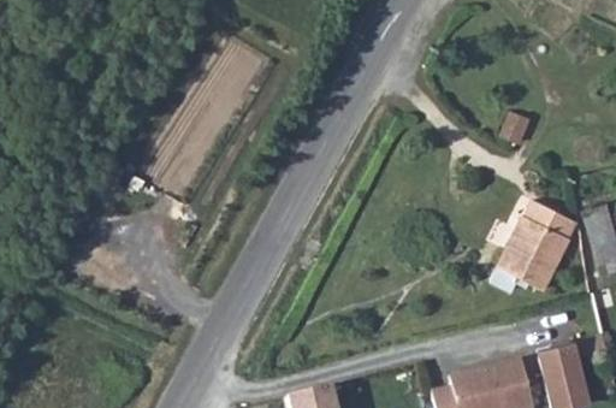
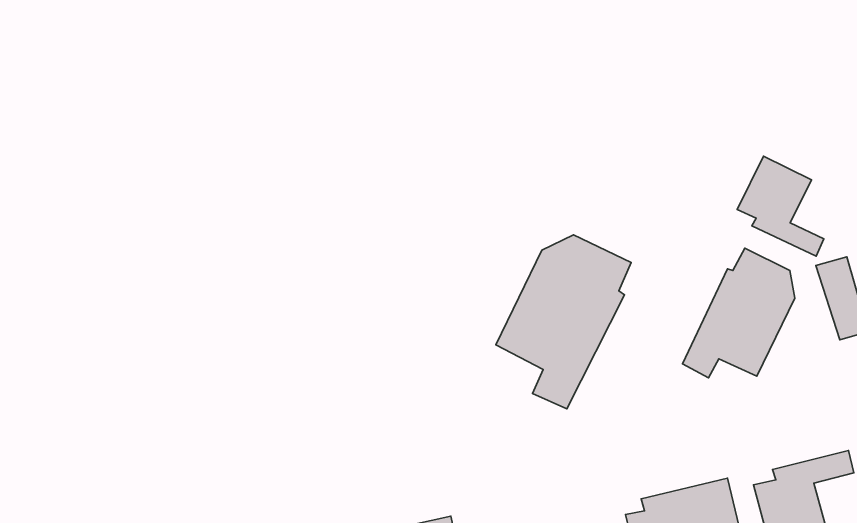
building: none -> [737,156,824,256]
building: none -> [496,235,631,409]

